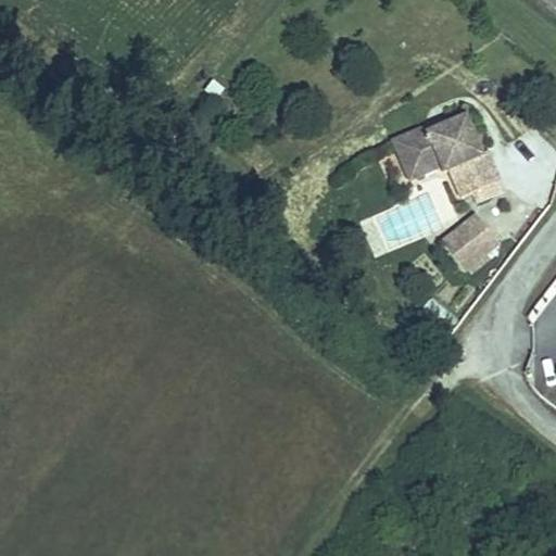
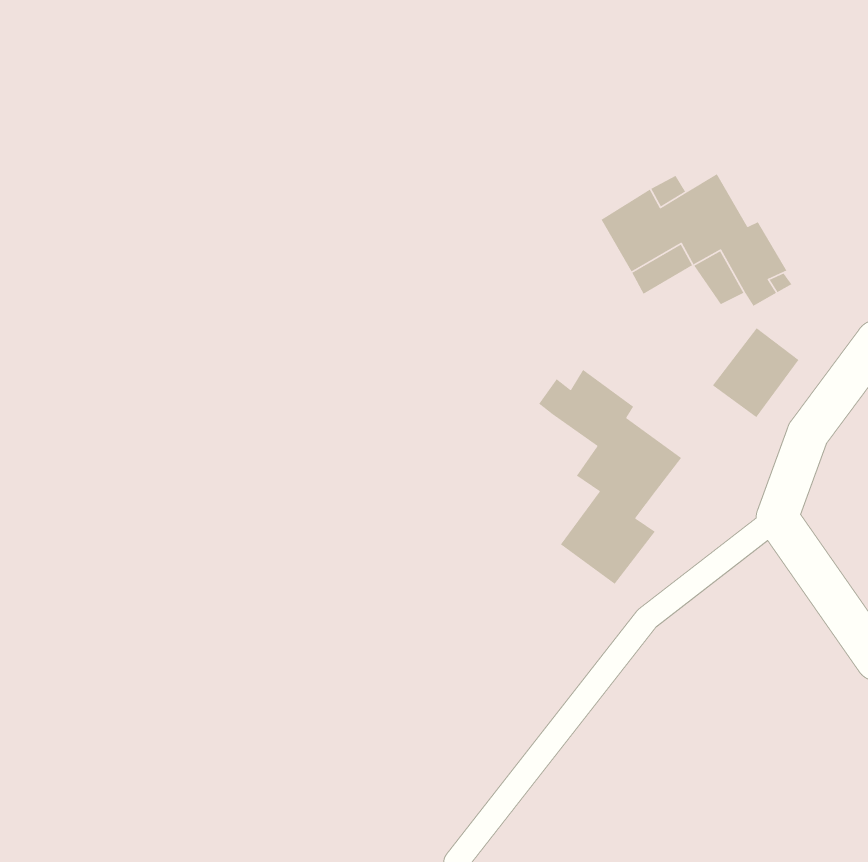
building: none -> [538,369,682,585]

